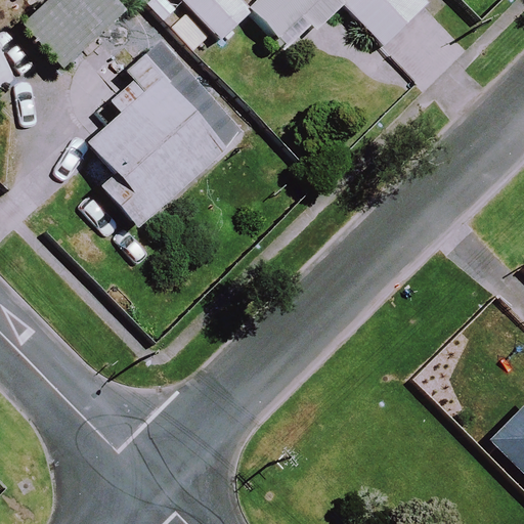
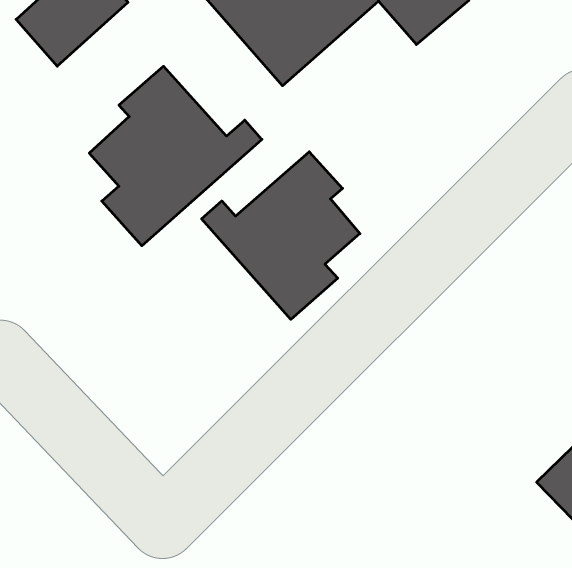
building: none -> [202,152,360,319]

